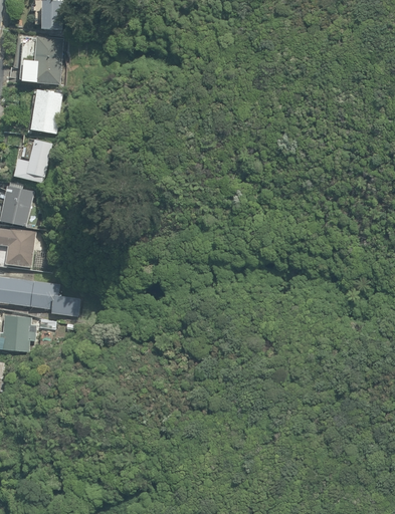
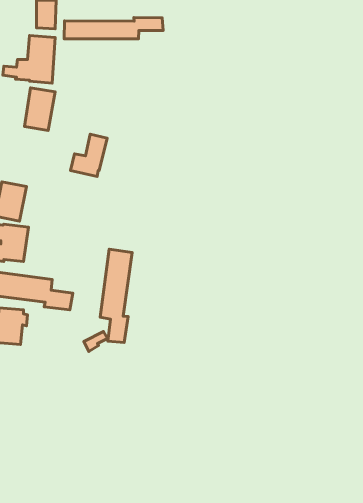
building: none -> [64,17,163,39]
building: [14,140,51,183] -> [71,134,107,177]
building: none -> [100,249,132,342]

